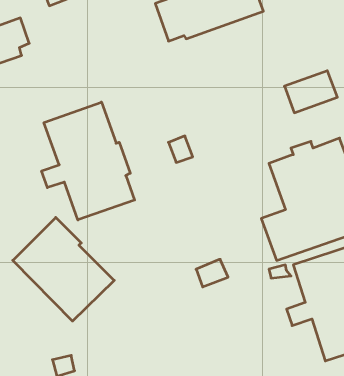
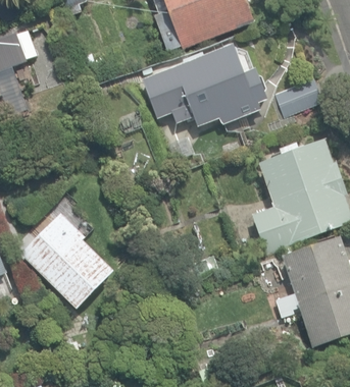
building: none -> [142,45,267,128]
building: [42,102,135,220] -> none

